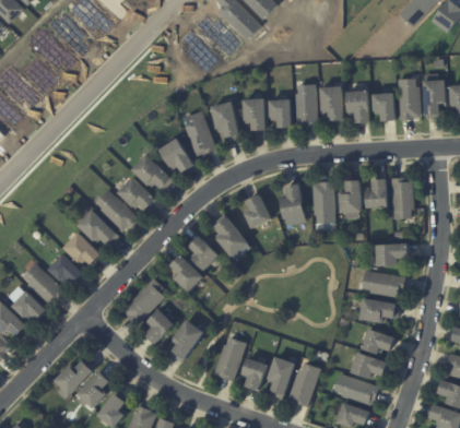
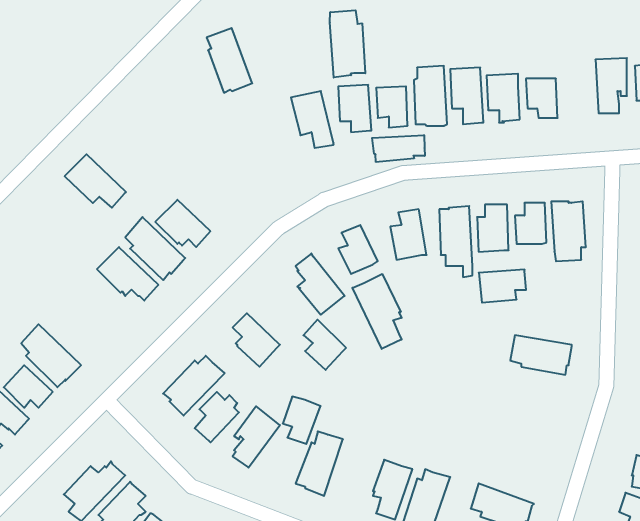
building: none -> [330,10,365,78]
building: [397,78,421,119] -> none
building: [184,110,215,155] -> [207,28,252,93]
building: none -> [372,135,425,162]
building: [158,136,192,170] -> none
building: [130,153,173,190] -> [65,154,126,208]
building: none -> [352,274,402,349]
building: [62,231,99,263] -> none
building: [188,235,217,270] -> [303,320,346,370]
building: [375,242,408,265] -> [479,270,526,303]
building: [47,253,81,283] -> none
building: [359,297,400,322] -> none
building: [361,328,393,355] -> none
building: [350,352,386,379] -> none
building: [240,357,267,390] -> [283,397,321,444]

